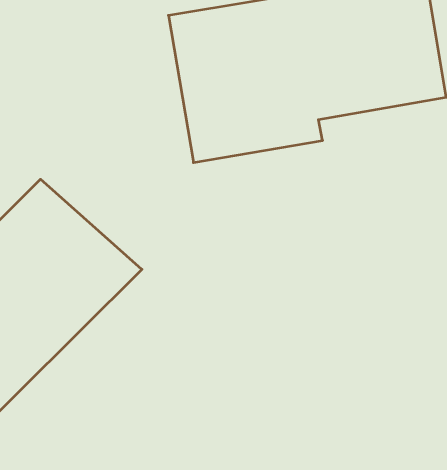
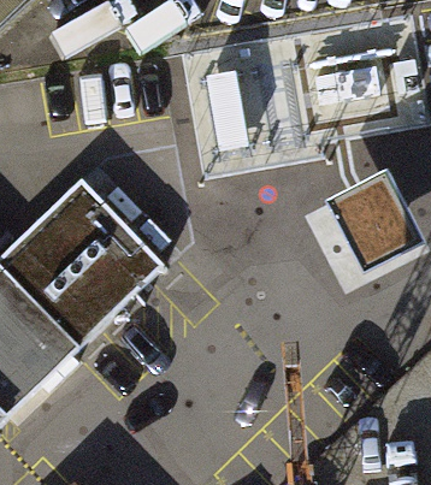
building: none -> [329,168,419,265]

